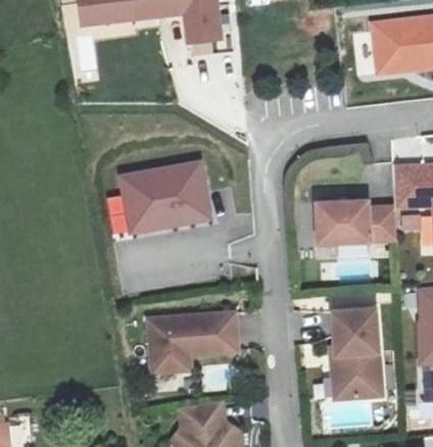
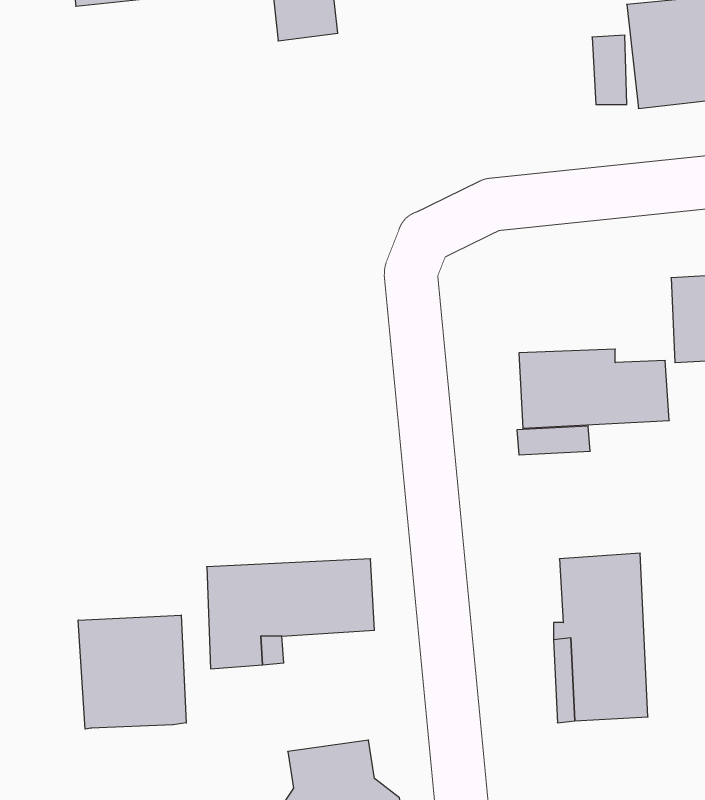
building: [118,163,205,232] -> none
building: none -> [78,615,186,729]

